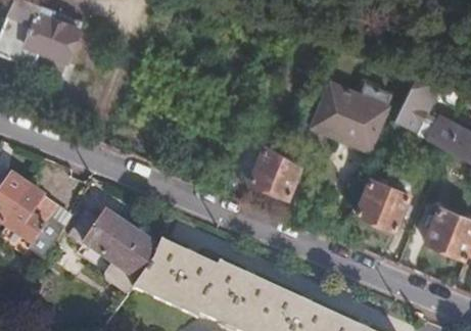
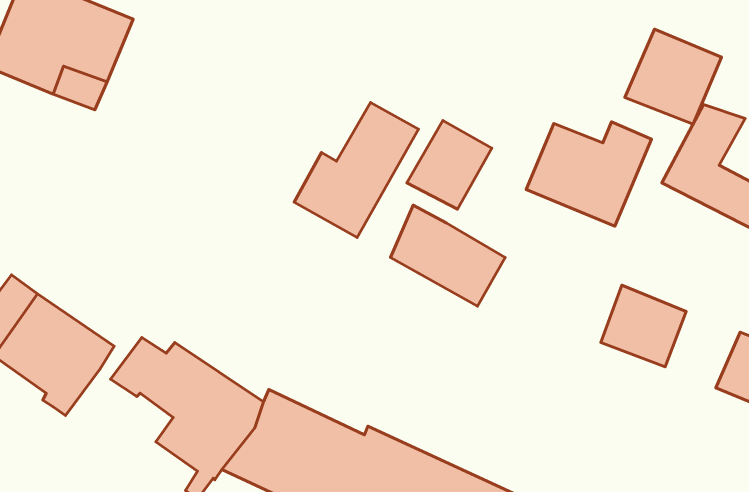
building: none -> [625,29,721,124]
building: none -> [294,102,419,238]
building: none -> [407,121,492,209]

